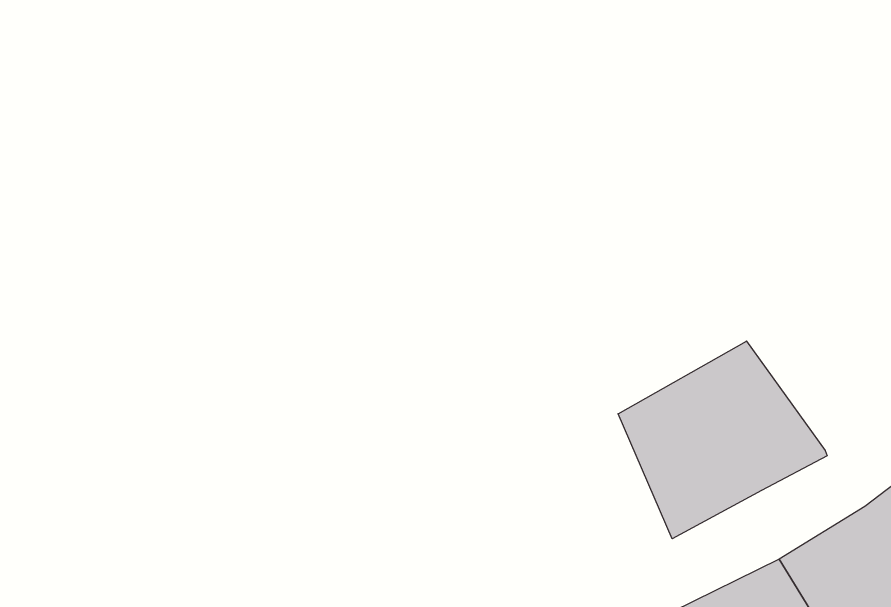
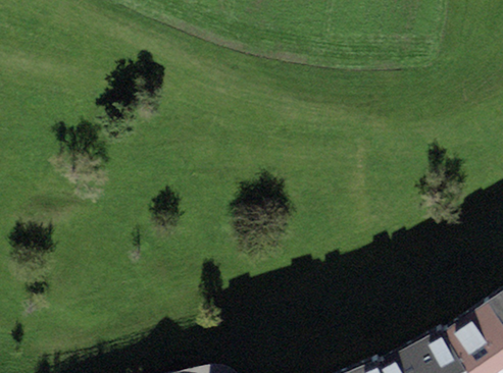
building: [618,341,827,539] -> none

